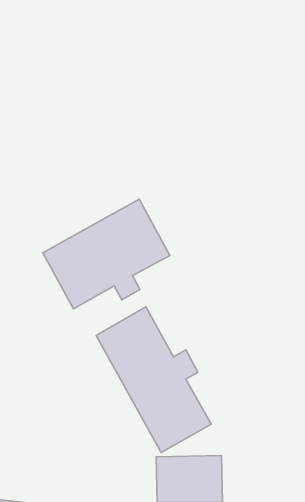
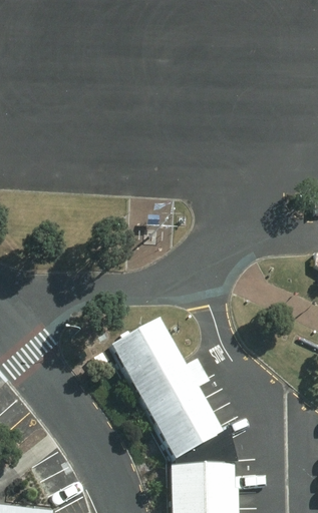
building: [43,199,170,309] -> none

